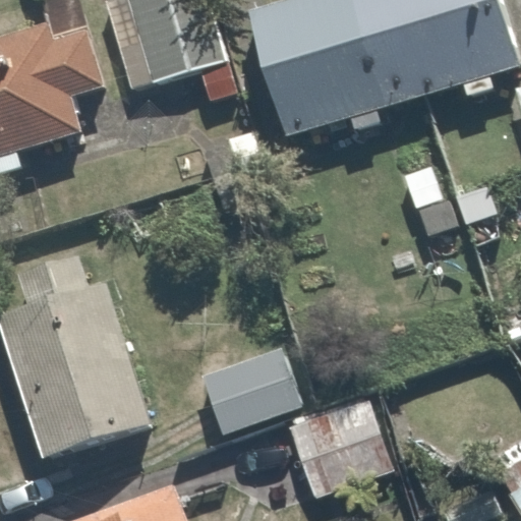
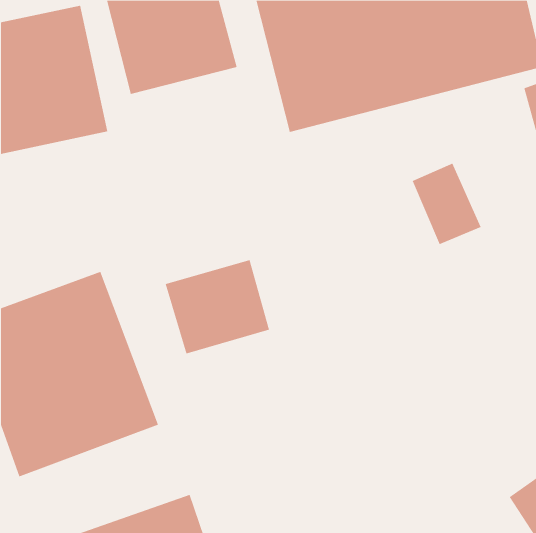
building: [200,340,302,431] -> [165,260,270,354]
building: [289,397,395,498] -> none

